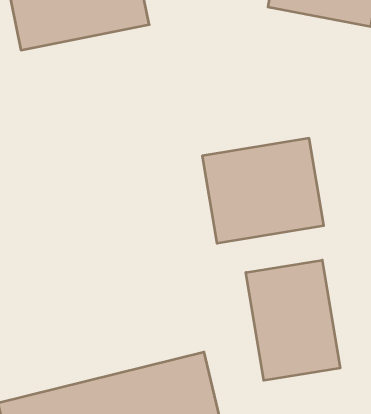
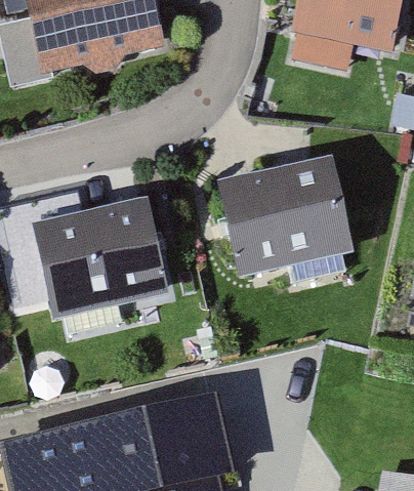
building: none -> [29,208,160,319]
building: [246,260,340,380] -> none

